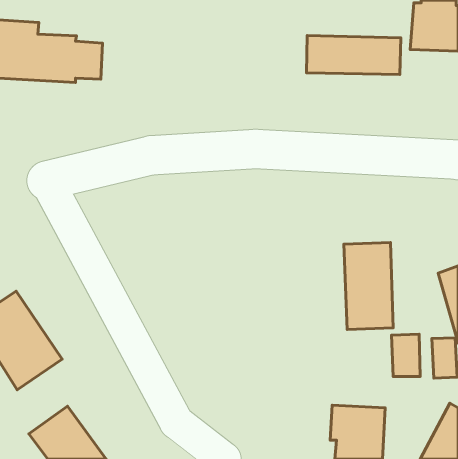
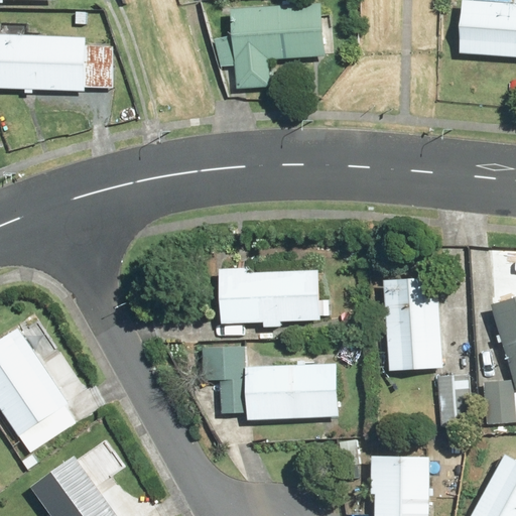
building: none -> [215,9,324,91]
building: [306,36,401,75] -> none
building: none -> [221,267,333,327]
building: none -> [202,348,338,420]

